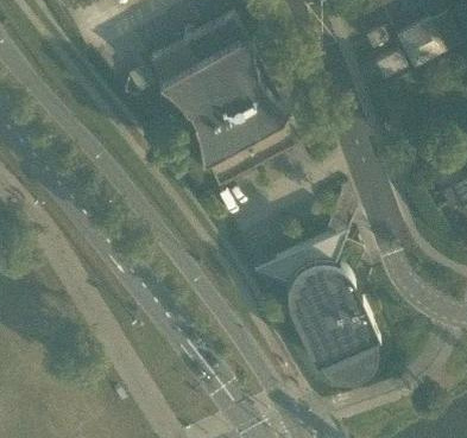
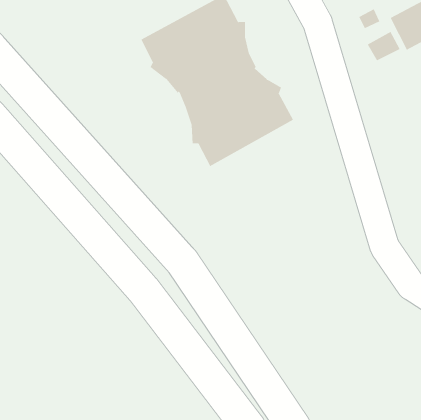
building: [269,237,376,381] -> none

